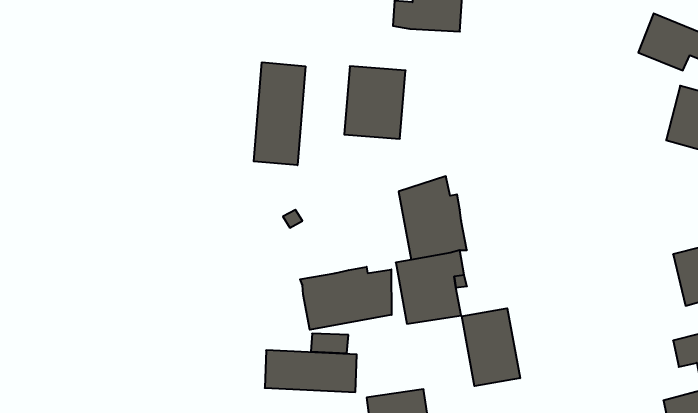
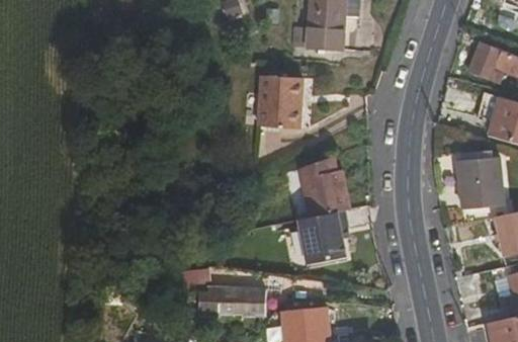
building: [254,62,305,165] -> none
building: none -> [459,146,507,206]
building: [300,267,392,330] -> none
building: [462,308,520,386] -> none

